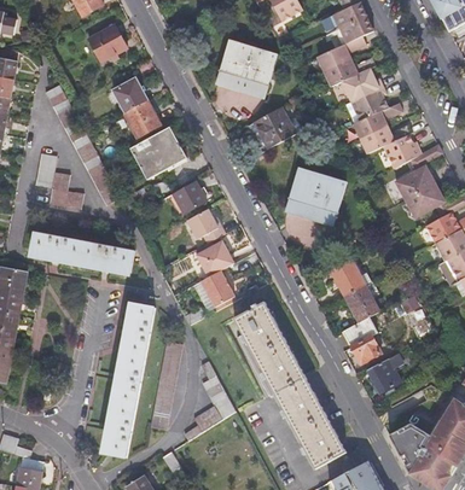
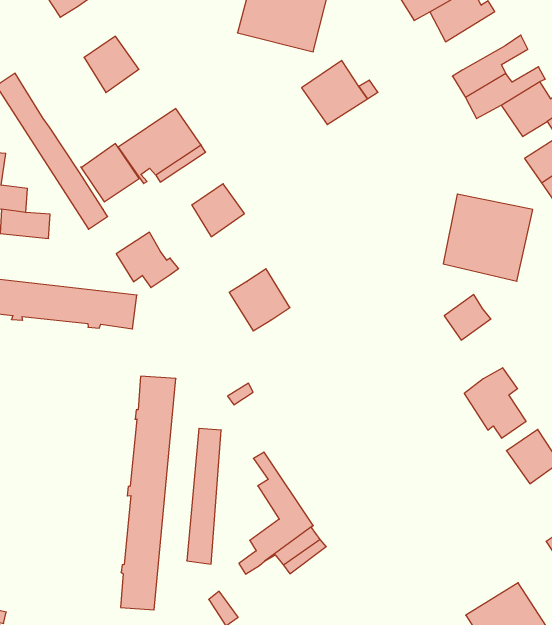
building: [350,86,389,122] -> none
building: [124,103,162,140] -> [81,144,139,202]
building: [285,168,347,228] -> [443,194,533,281]
building: [186,211,226,247] -> [116,232,179,288]
building: [200,274,236,314] -> none
building: [343,286,378,325] -> none
building: [234,299,347,467] -> none

